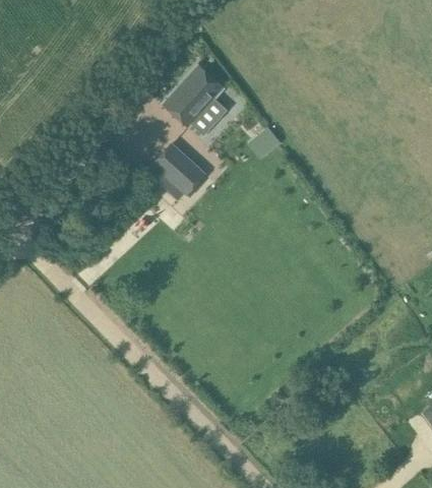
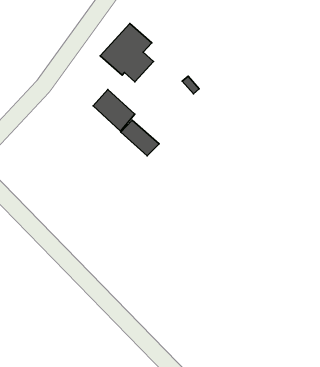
building: none -> [121,120,159,156]

